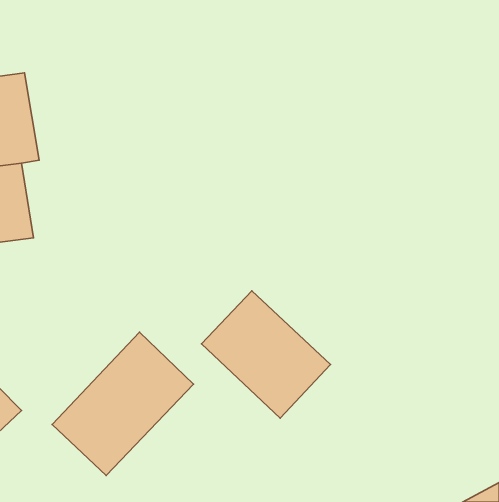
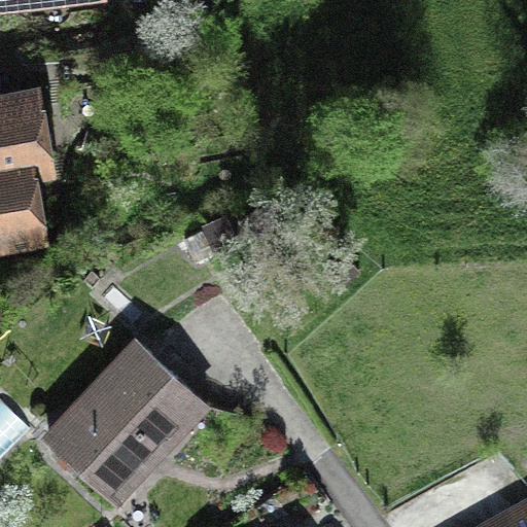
building: [202,291,330,418] -> none

